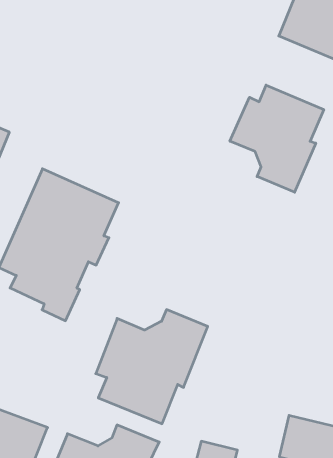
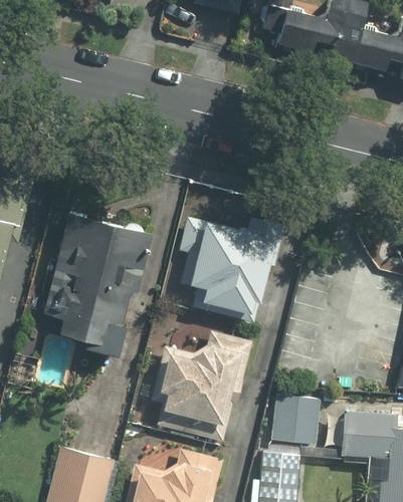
building: [230,85,324,192] -> none
building: none -> [177,214,284,323]
building: none -> [274,396,319,443]

